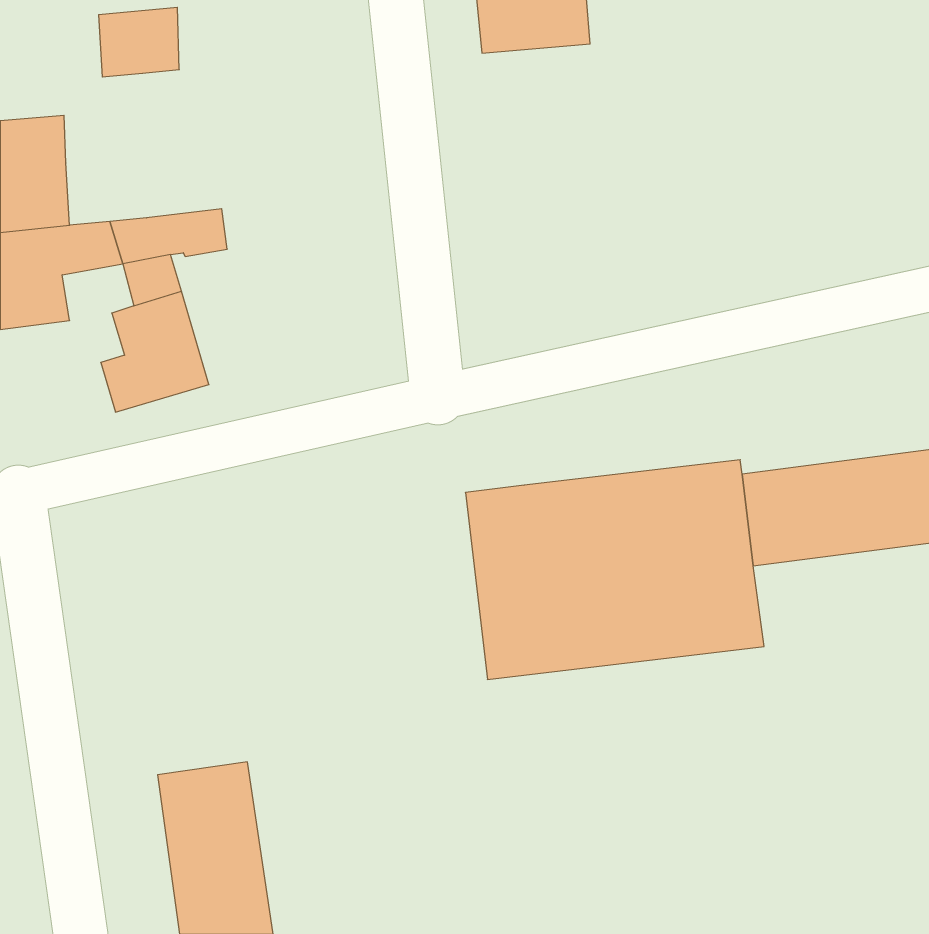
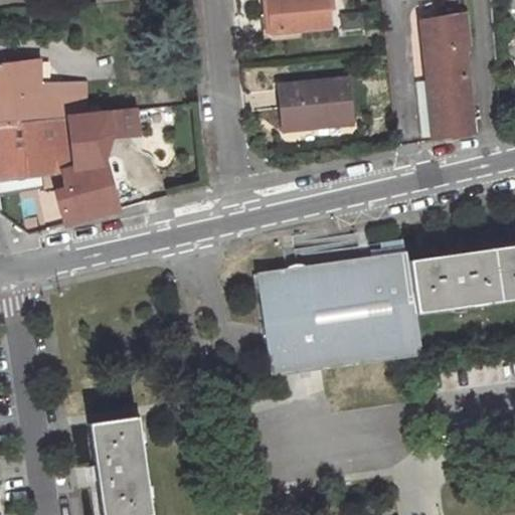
building: [99,7,179,77] -> [40,85,84,124]
building: none -> [422,21,475,143]
building: none -> [274,77,345,126]
building: none -> [38,145,77,199]

